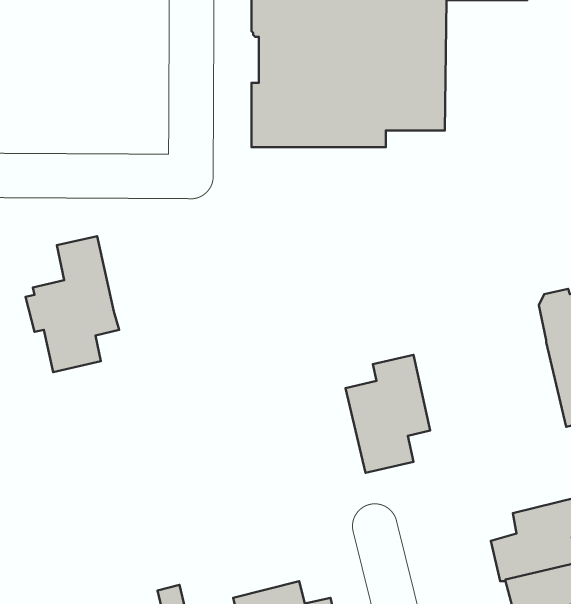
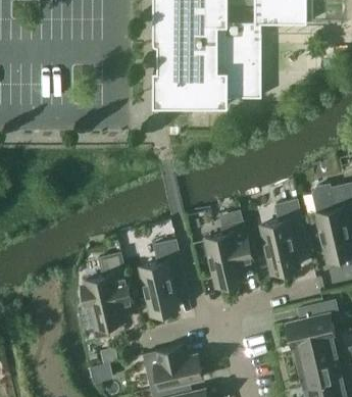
building: [25,236,119,372] -> [81,253,133,329]
building: none -> [260,200,306,275]
building: none -> [140,241,185,315]

